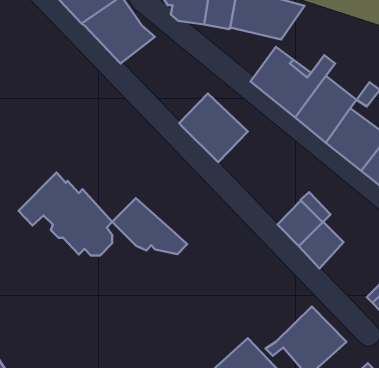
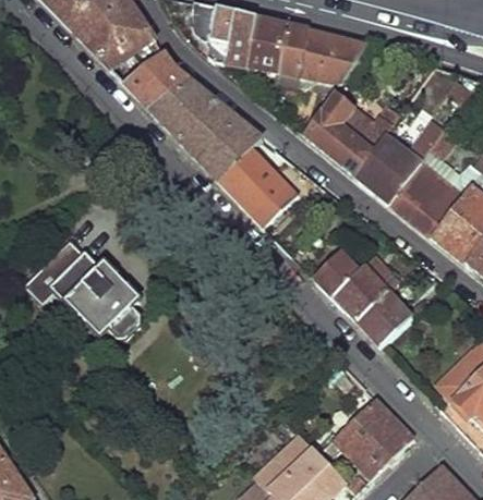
building: none -> [150,80,263,181]
building: none -> [317,254,362,300]
building: [112,198,187,254] -> none

